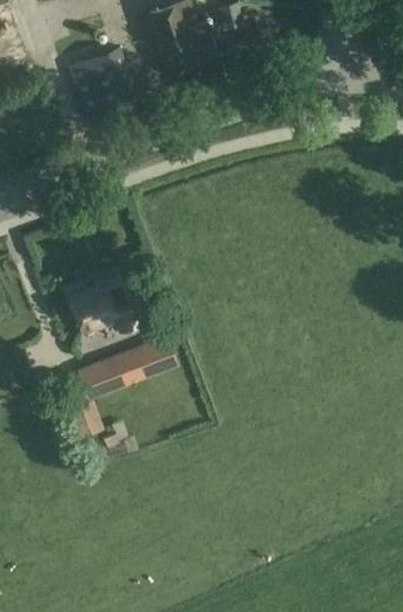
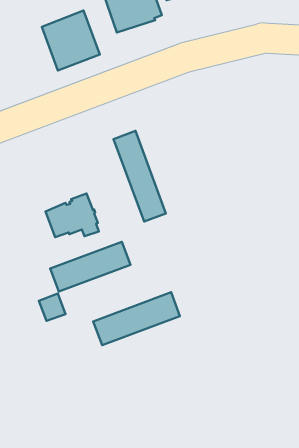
building: none -> [113,131,166,221]
building: none -> [93,292,180,345]

